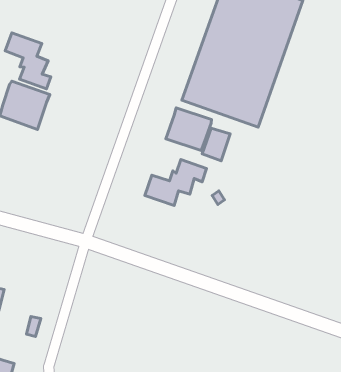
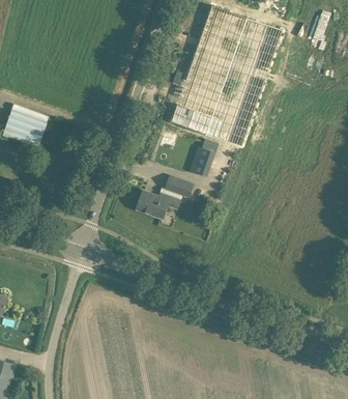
building: [5,33,51,89] -> none
building: [166,108,211,151] -> none

